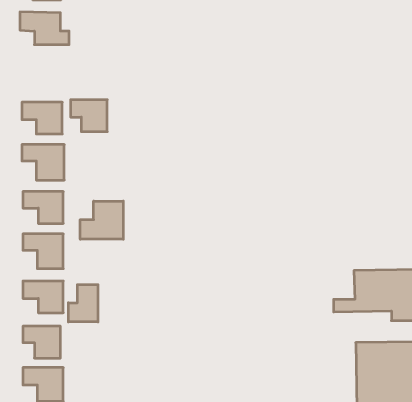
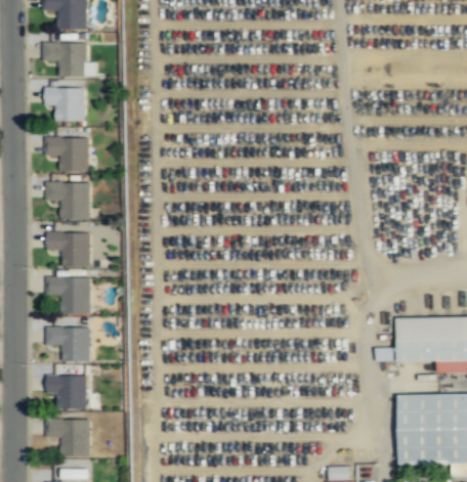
building: [71,100,107,132] -> [44,88,83,122]
building: [80,201,123,239] -> none
building: [68,285,98,322] -> none

